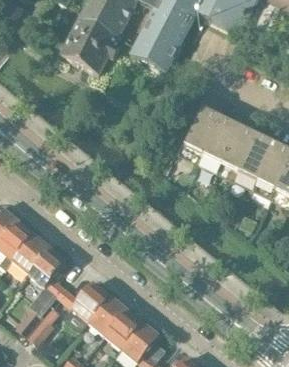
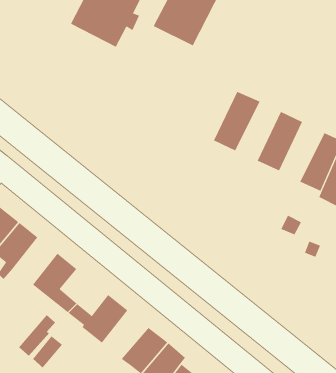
building: [200,119,238,169] -> none
building: [237,136,275,187] -> none
building: [12,234,49,274] -> none
building: [87,296,126,337] -> none

